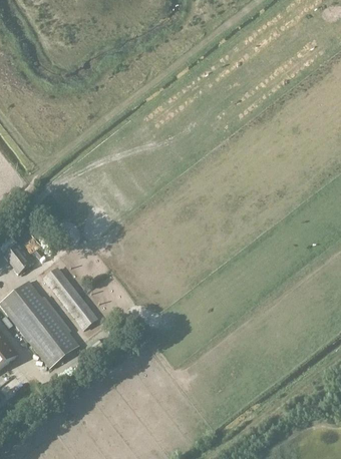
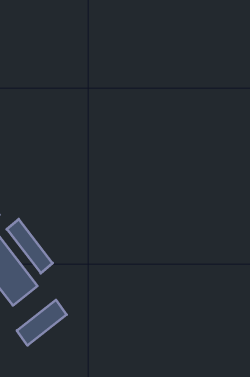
building: none -> [17,300,67,345]

